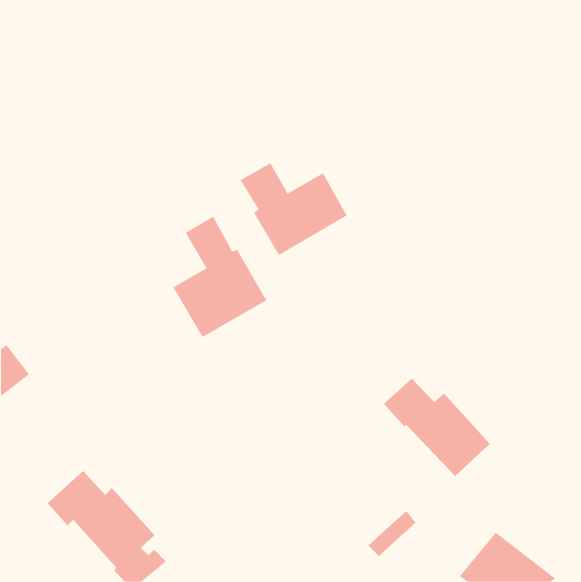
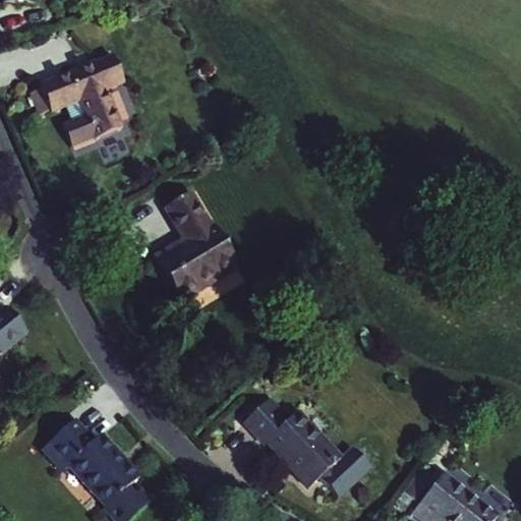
building: none -> [33,56,125,149]
building: [240,163,348,256] -> none
building: [383,378,491,477] -> [245,399,341,487]

